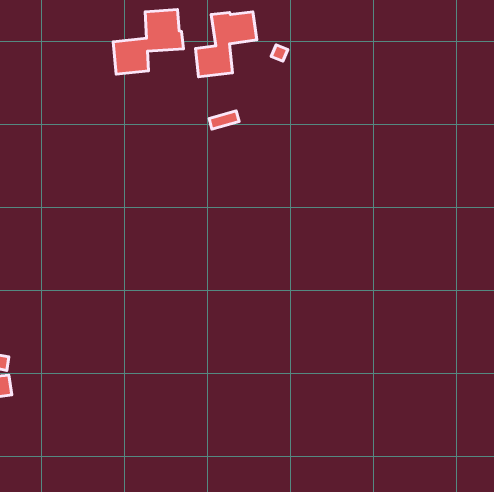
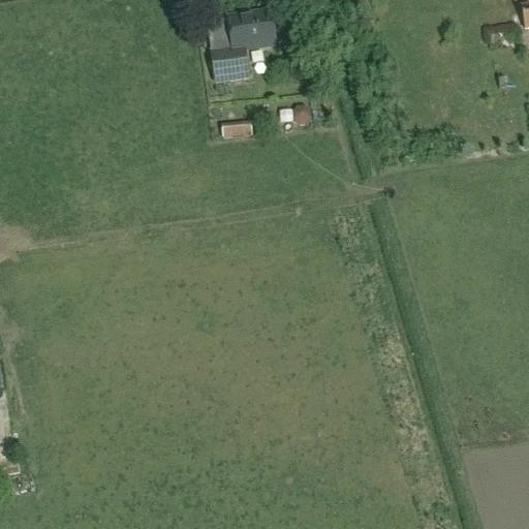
building: [113,9,183,74] -> none

